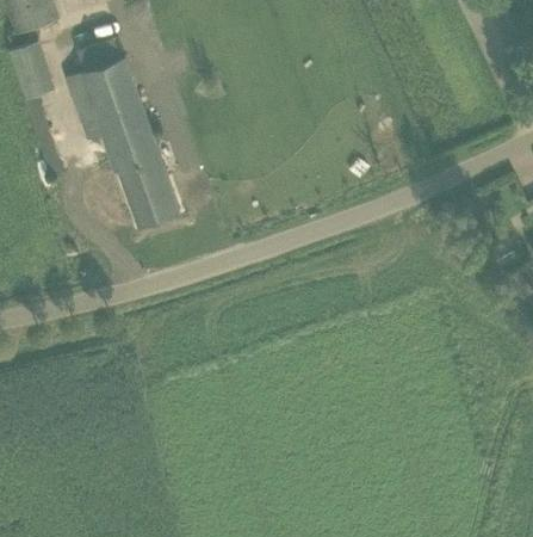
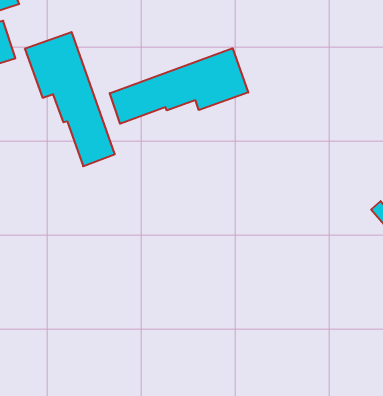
building: none -> [110,48,248,124]

